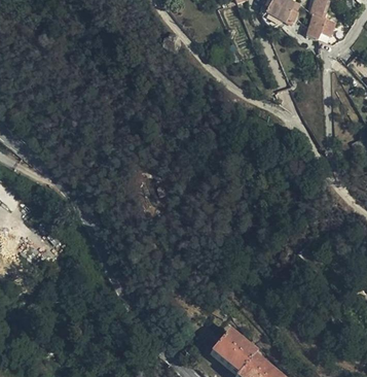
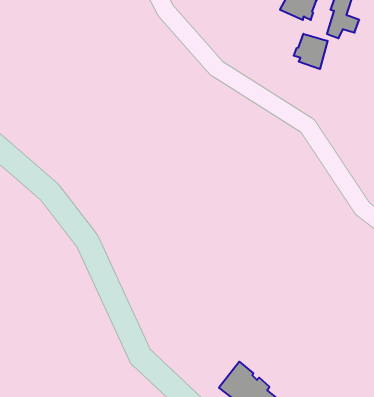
building: none -> [294,34,328,69]

